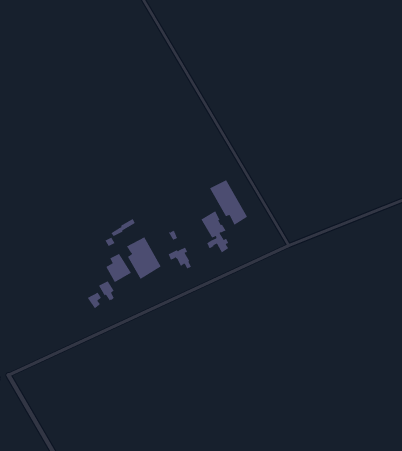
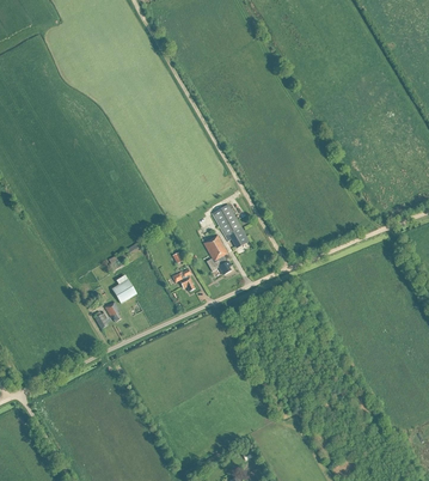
building: [126,237,162,280] -> none

